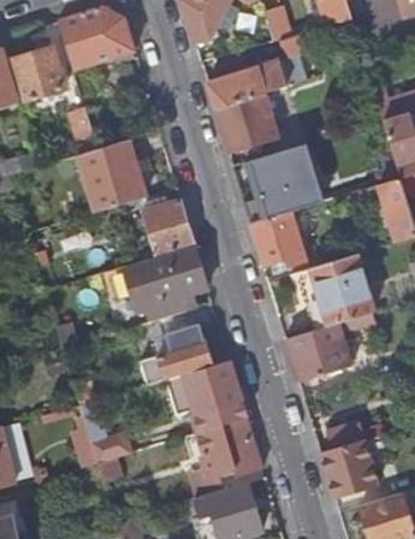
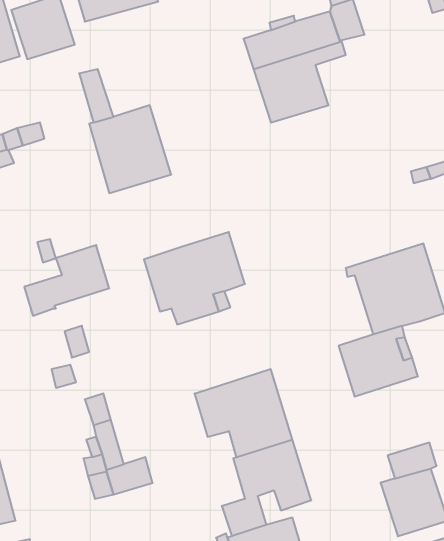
building: [249,148,304,197] -> none
building: [142,199,194,256] -> none
building: [249,212,306,268] -> none
building: [140,326,211,385] -> [24,245,109,316]

